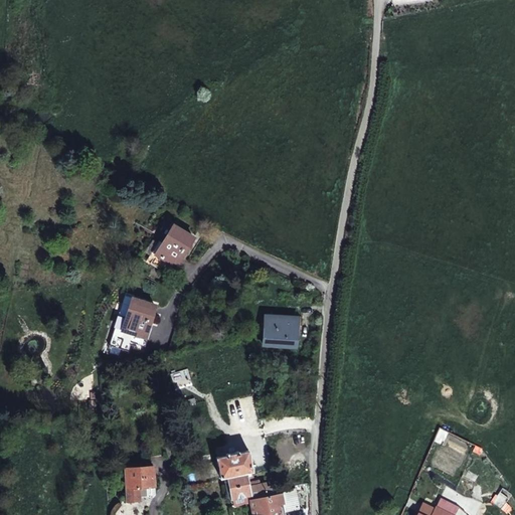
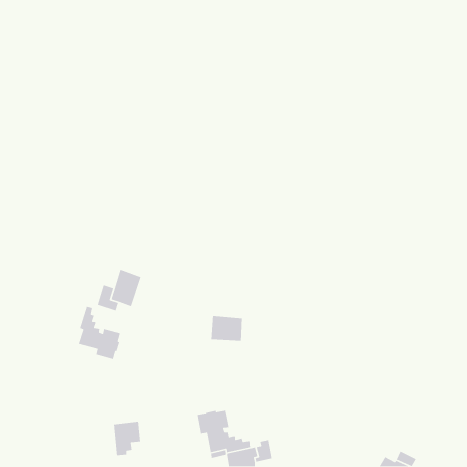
building: [155,224,194,267] -> none
building: [263,316,298,345] -> [210,315,242,342]
building: none -> [78,306,121,360]

